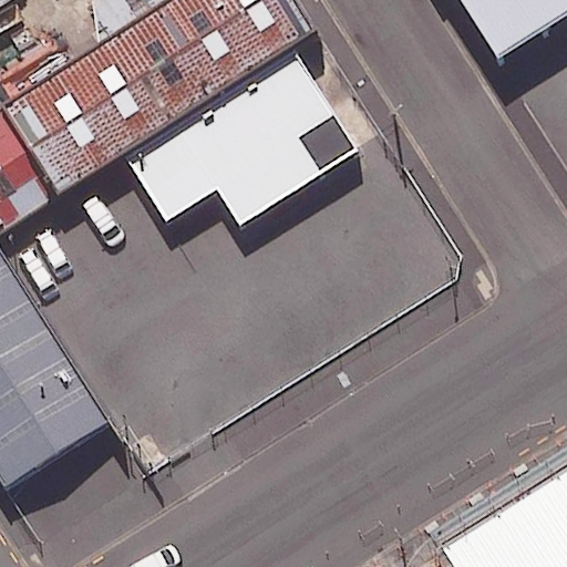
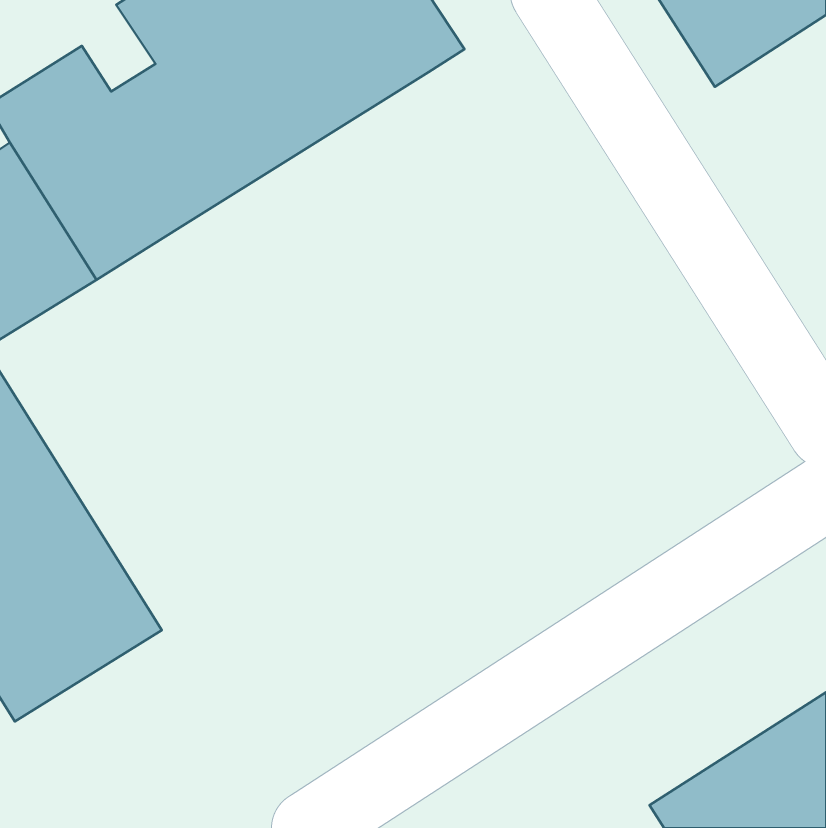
building: [122,49,357,228] -> none

